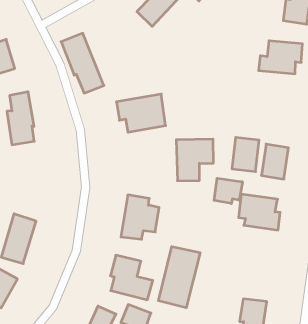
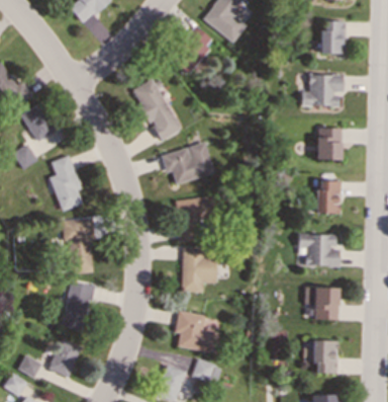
building: [61,33,104,93] -> [131,79,180,140]
building: [232,137,259,172] -> [317,128,342,160]
building: [176,139,213,181] -> [175,195,215,242]
building: none -> [64,219,94,273]
building: [214,178,242,204] -> none
building: none -> [304,287,337,319]
building: [158,247,200,308] -> none

